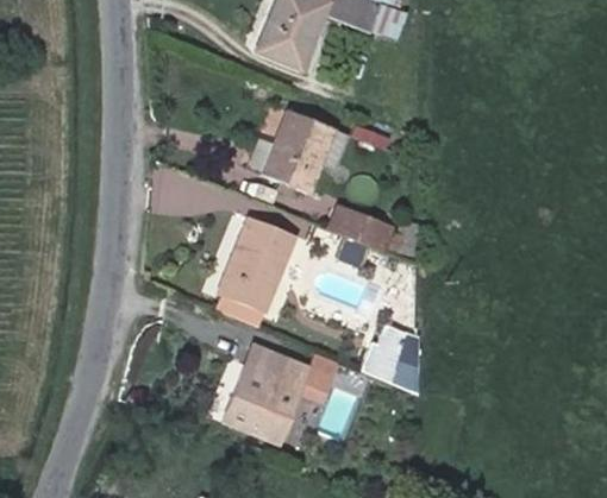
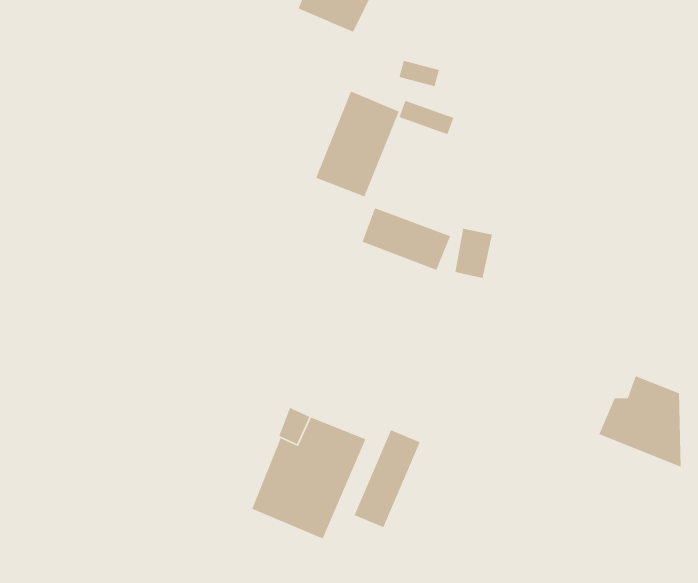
building: [211,213,300,314] -> none
building: [361,327,423,396] -> [598,375,681,468]

